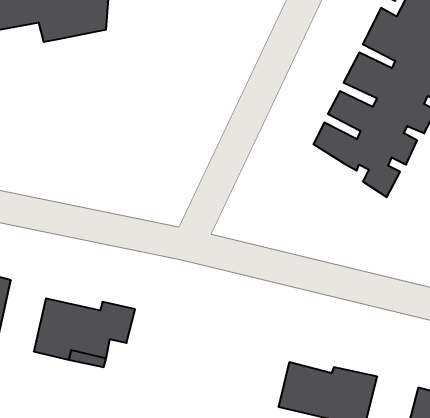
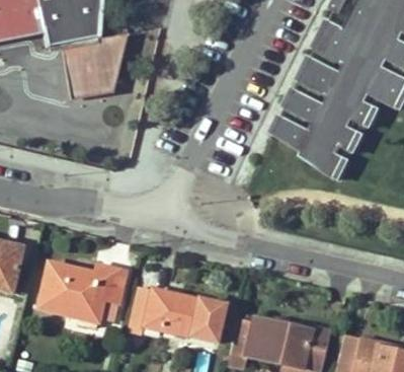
building: none -> [60,32,127,97]
building: none -> [144,288,224,342]

